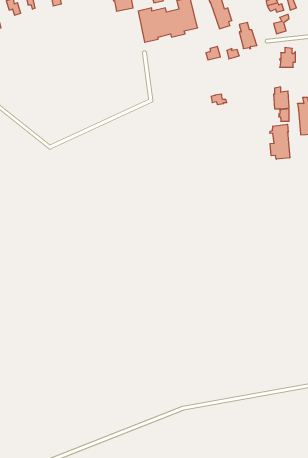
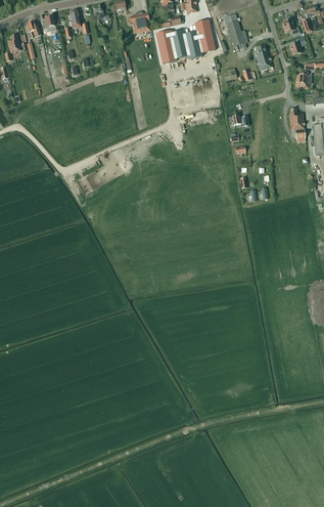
building: [270,124,290,159] -> none

